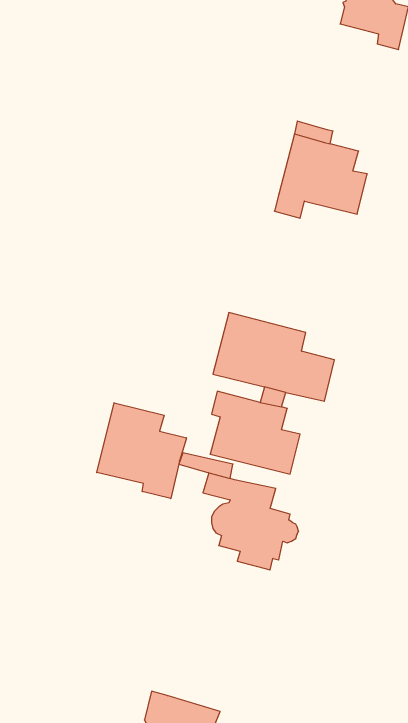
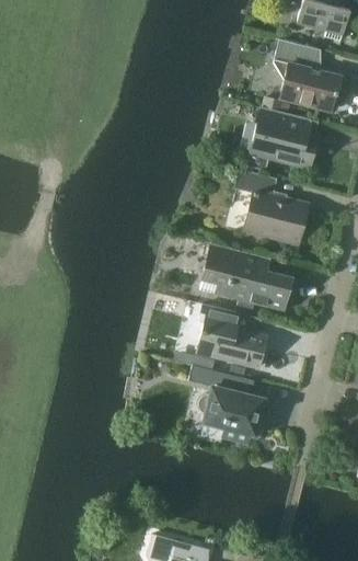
building: none -> [273,38,342,111]
building: none -> [234,170,308,243]
building: [97,403,186,499] -> none

